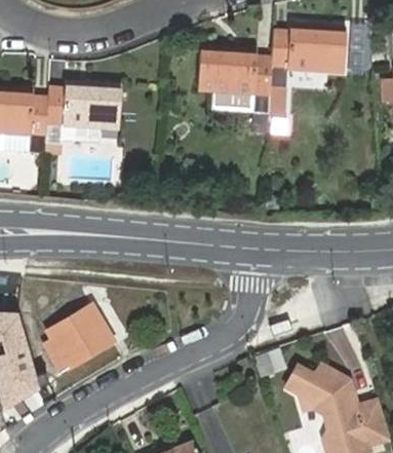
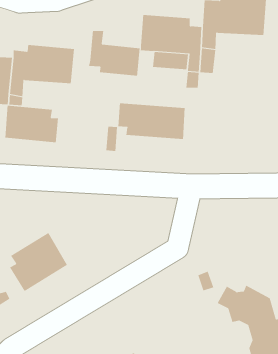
building: none -> [89,30,140,76]
building: none -> [118,102,185,140]
building: none -> [5,105,58,143]

